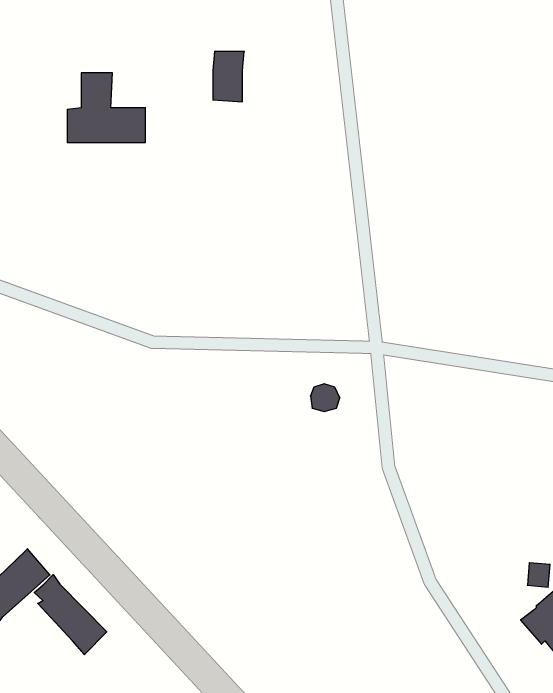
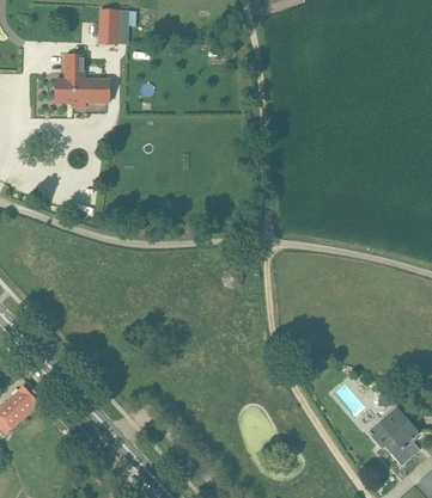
building: [213,51,244,102] -> [98,10,120,44]
building: [34,575,107,655] -> none

